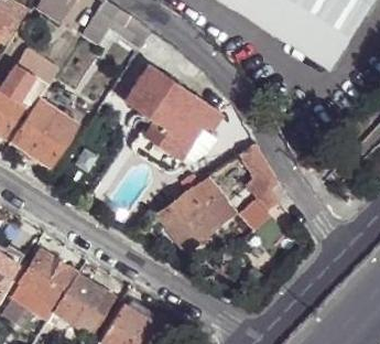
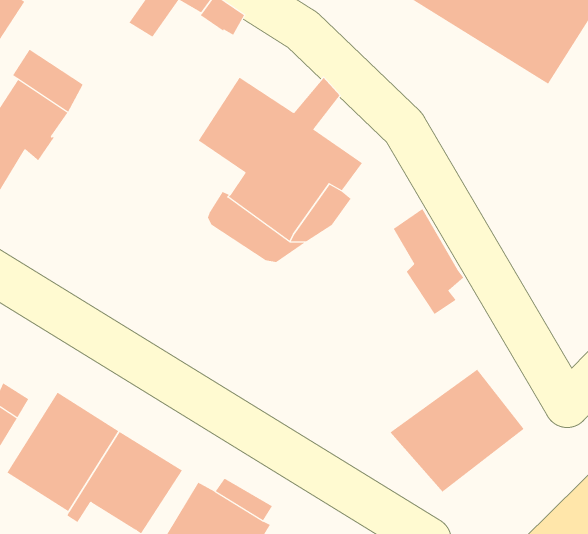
building: [12,99,77,164] -> none
building: [155,178,235,250] -> [389,369,525,492]

